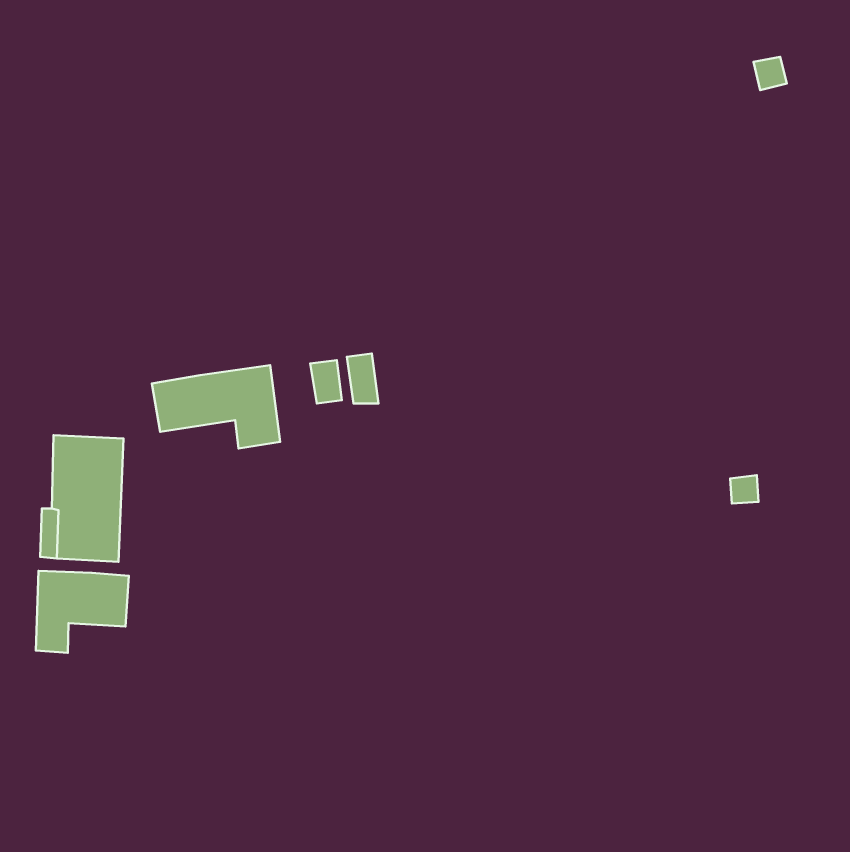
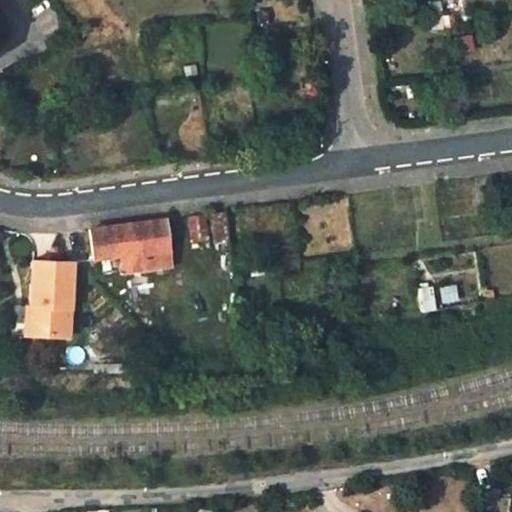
building: [36,571,129,653] -> none

